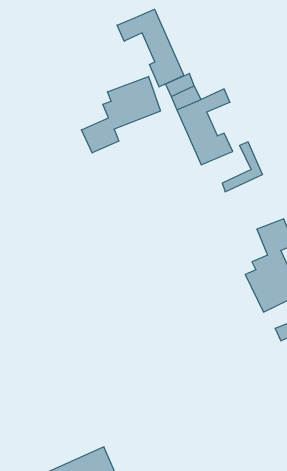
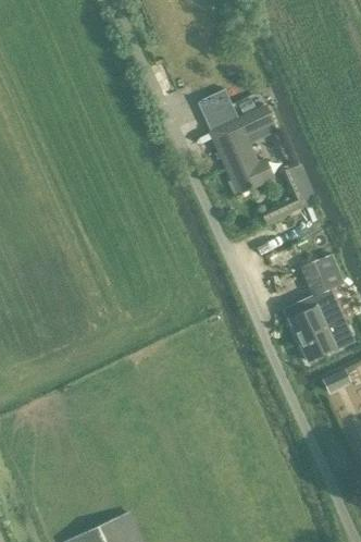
building: [117,9,184,87] -> none
building: [81,76,161,153] -> none

